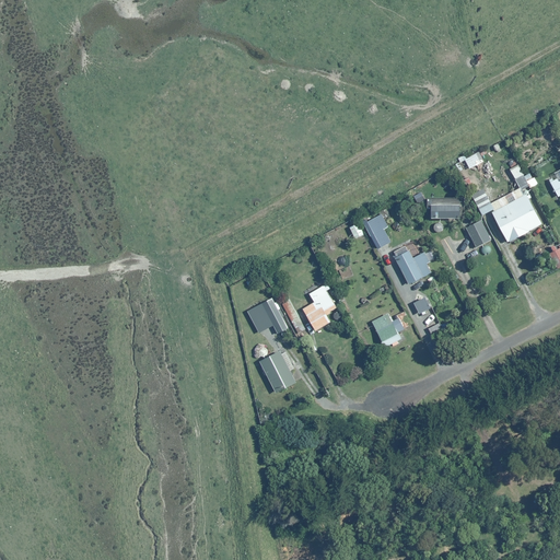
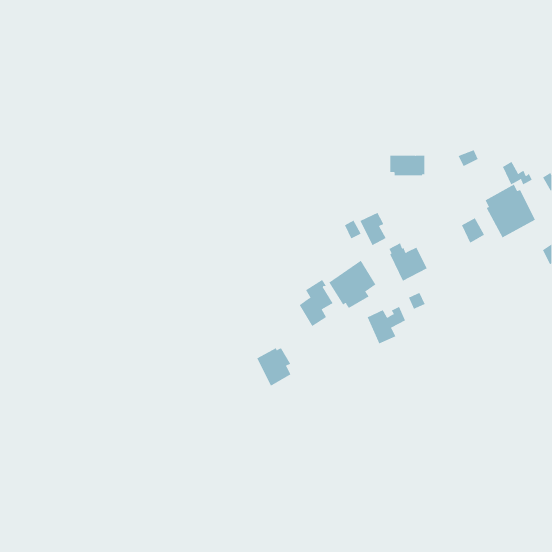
building: [425,197,462,218] -> [389,155,425,176]
building: none -> [328,260,376,309]
building: [245,298,287,334] -> none

